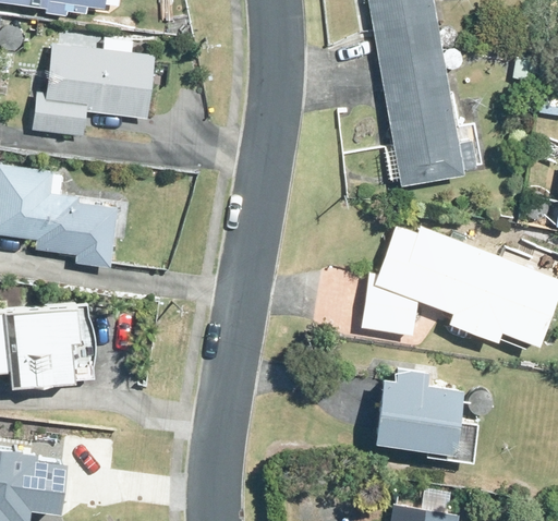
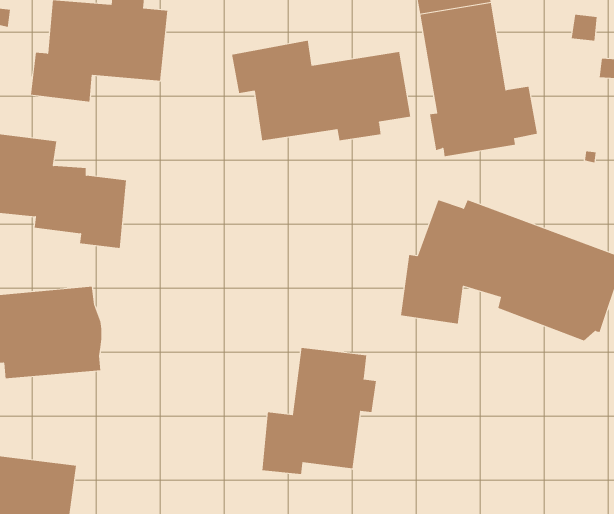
building: none -> [231,40,411,141]
building: none -> [262,347,376,475]
building: [374,364,477,460] -> none

